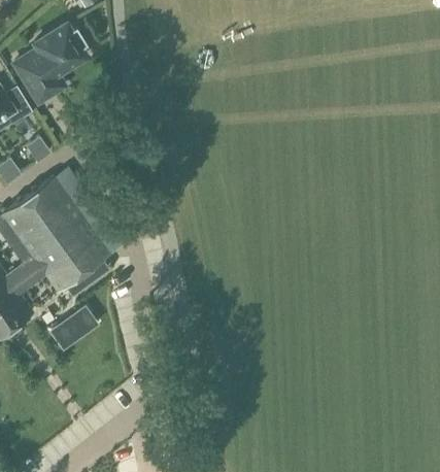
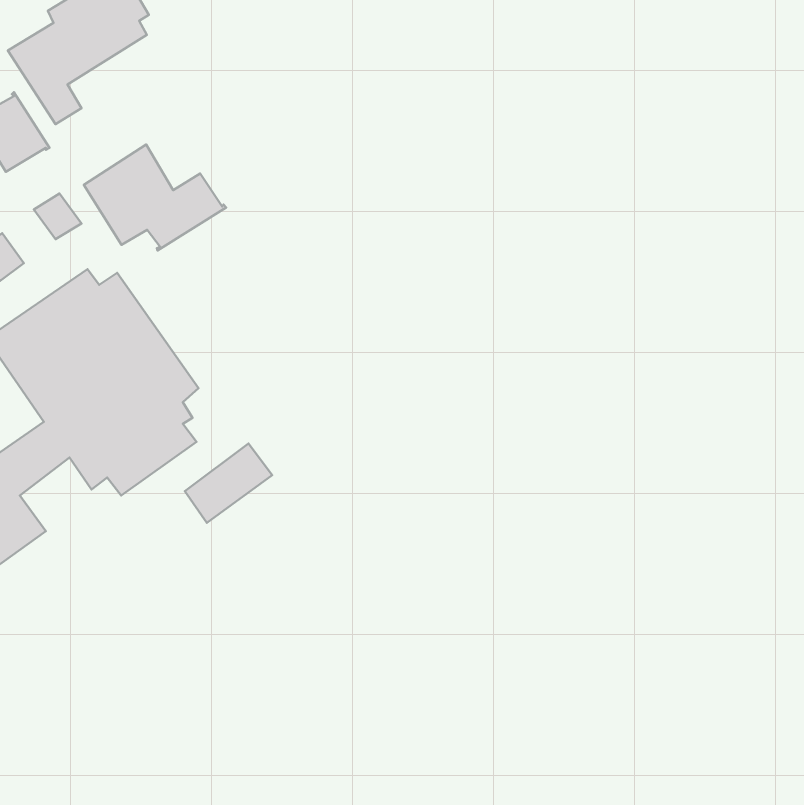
building: none -> [84,145,226,251]
building: [50,308,96,349] -> [185,444,272,523]

